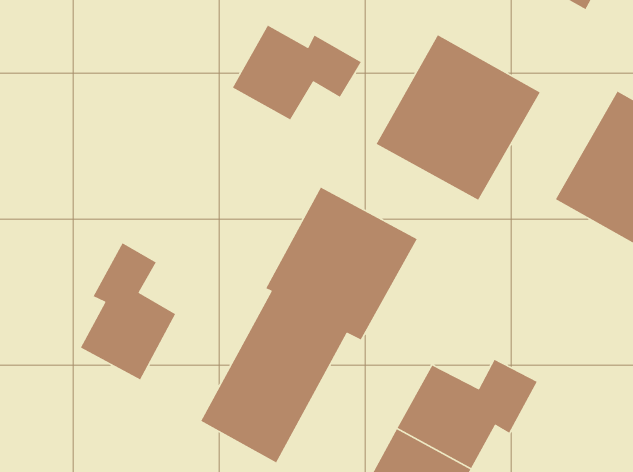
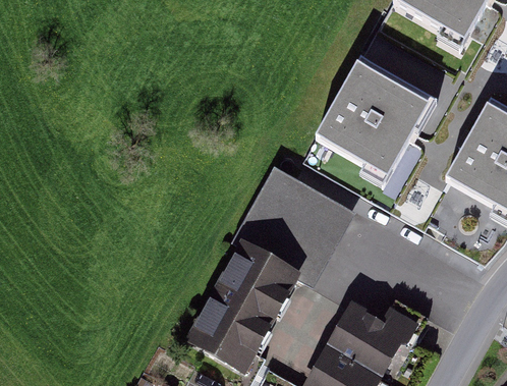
building: [232,24,362,121] -> none
building: [80,242,176,381] -> none

